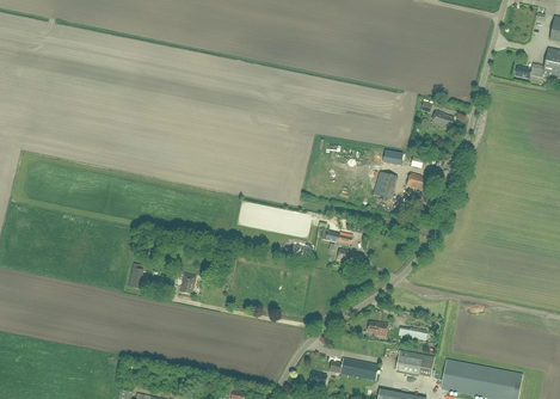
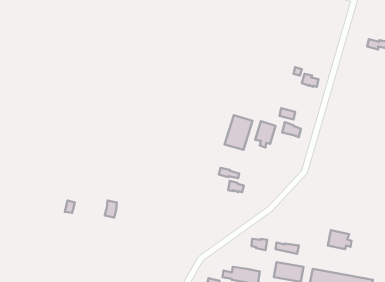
building: none -> [225,115,253,150]
building: none -> [328,230,352,249]

